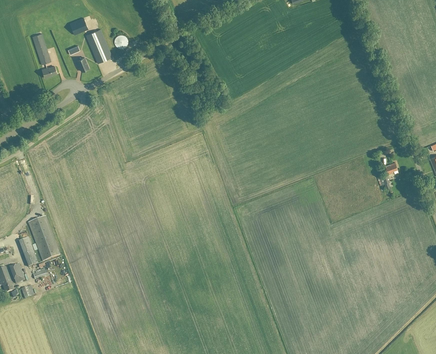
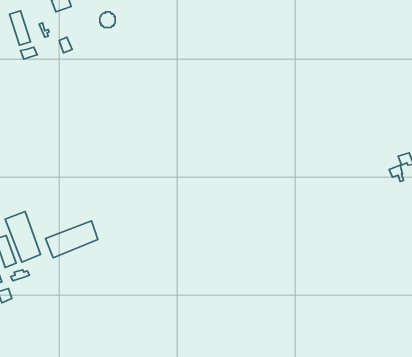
building: [86,28,112,63] -> none
building: none -> [46,221,98,258]

